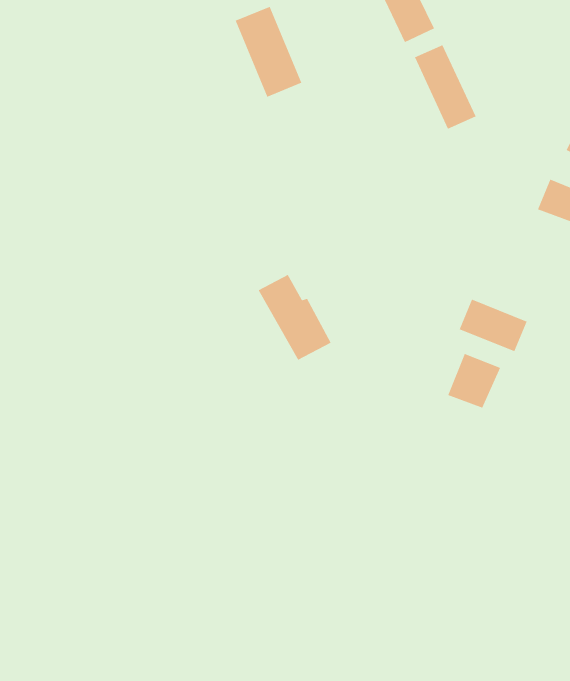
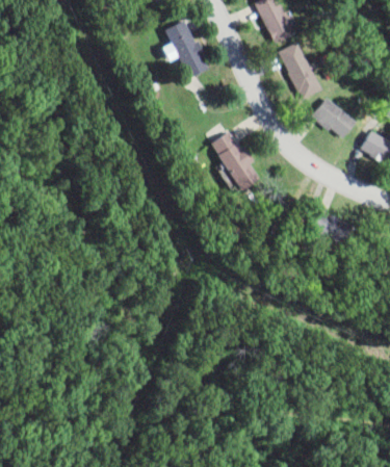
building: none -> [313,99,356,139]
building: [258,274,331,361] -> [211,132,259,188]
building: [448,353,501,409] -> none

